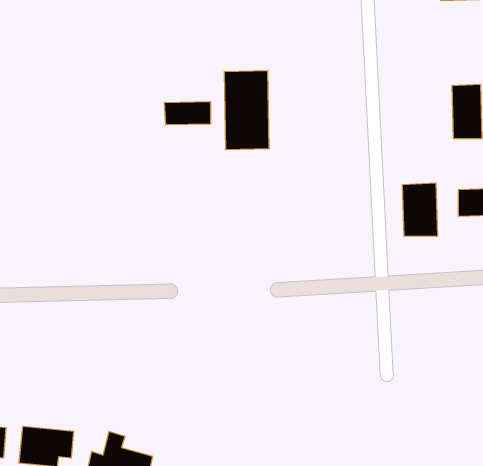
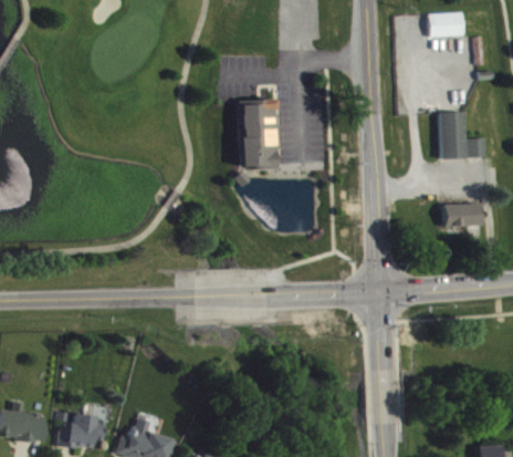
building: [165,102,211,125] -> none
building: [403,183,437,236] -> none

